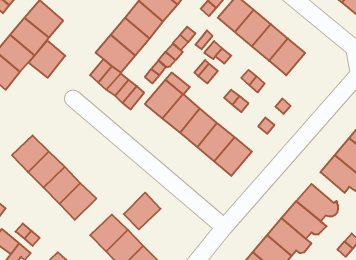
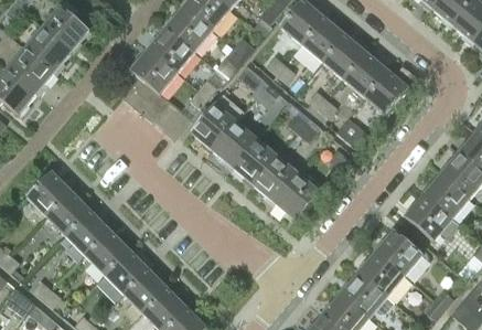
building: [29,41,65,78] -> none
building: none -> [363,70,408,115]
building: [124,193,161,229] -> [104,248,149,294]

